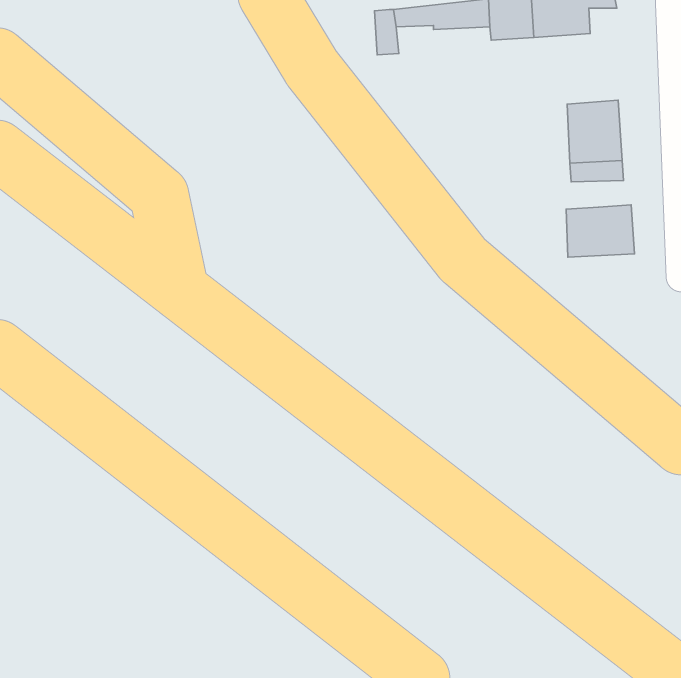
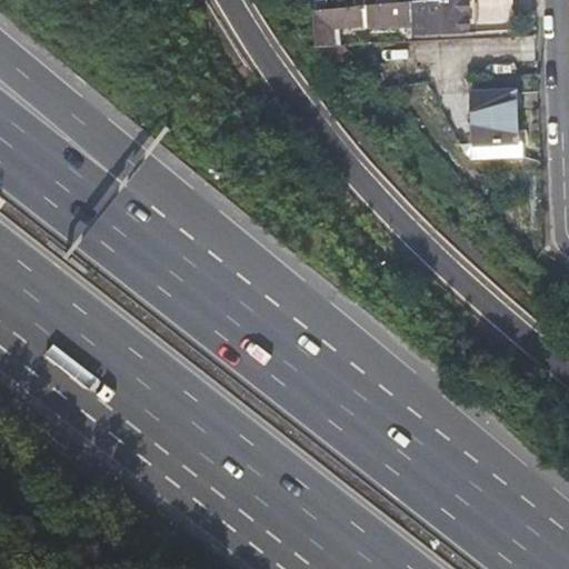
building: [566,205,635,257] -> none

